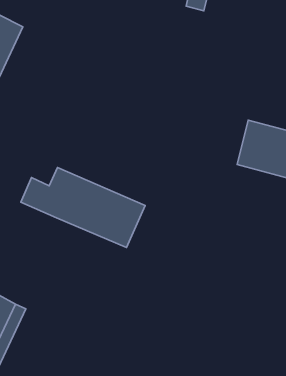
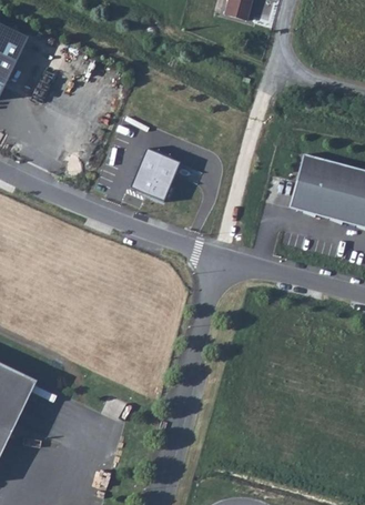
building: none -> [132,152,182,205]
building: [21,167,145,248] -> none

